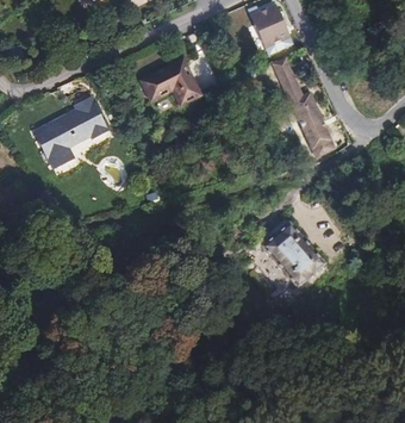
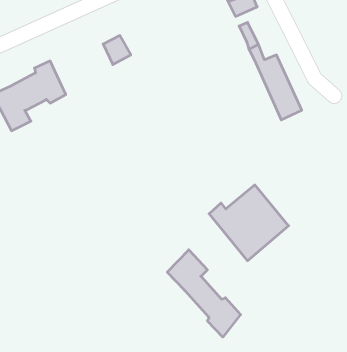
building: [157,63,200,106] -> none
building: none -> [167,250,241,337]

